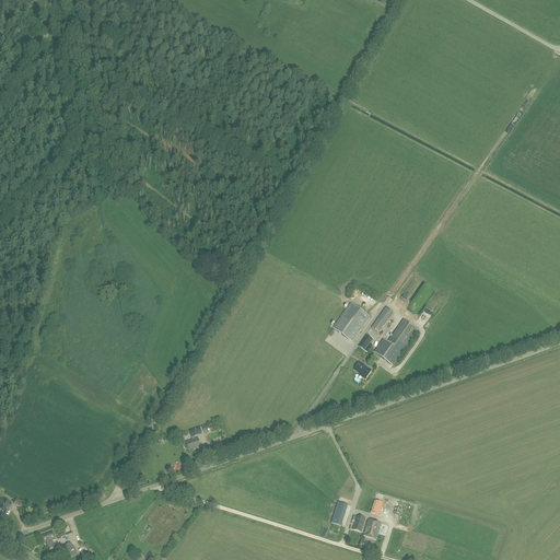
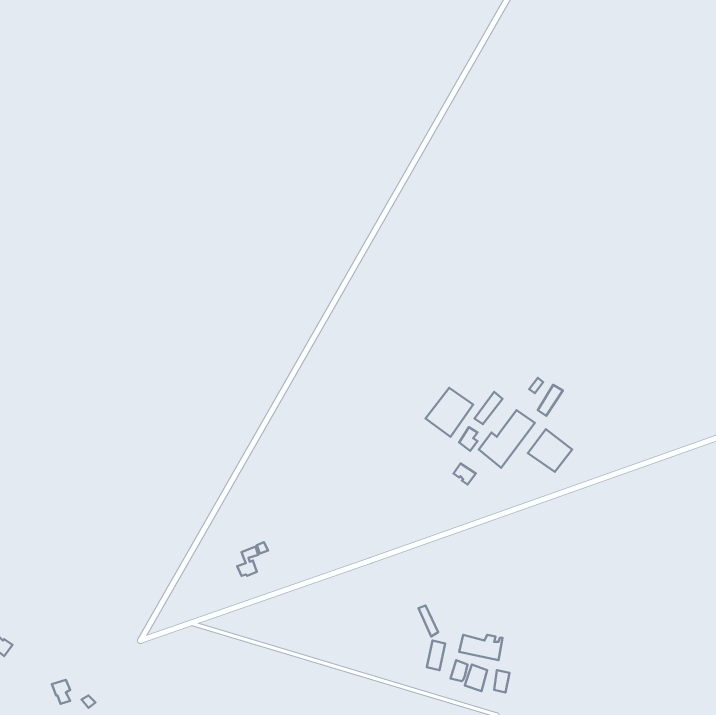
building: none -> [528,429,572,472]

